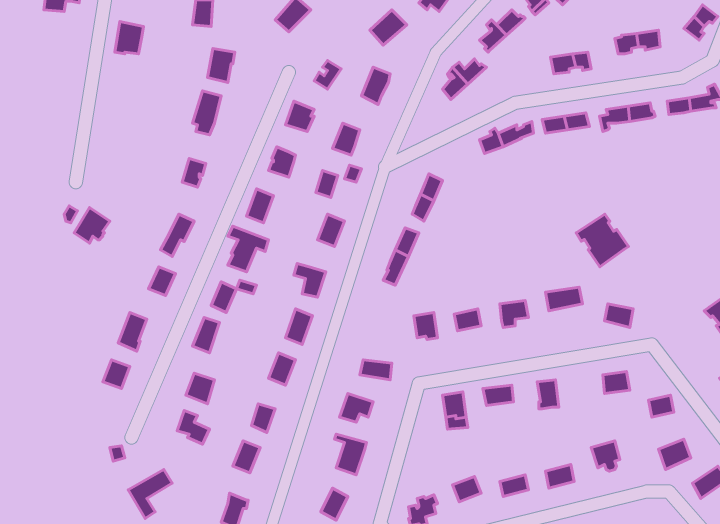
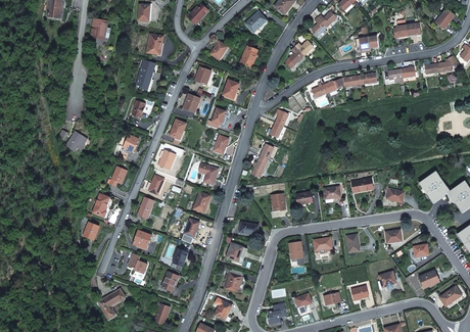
building: [576,214,629,267] -> [418,172,450,203]

